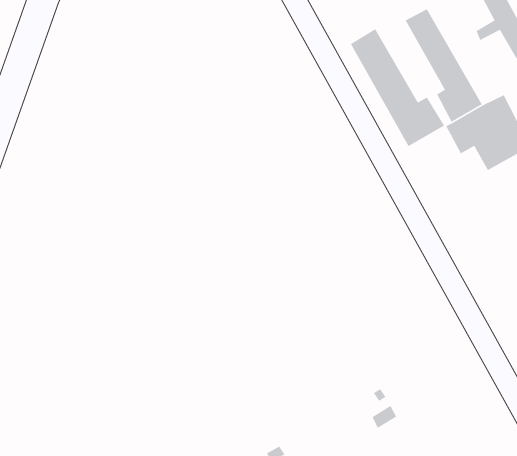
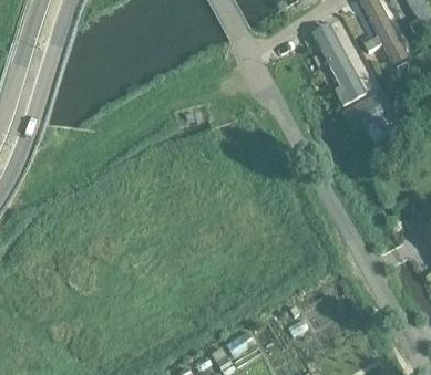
building: [350,28,445,147] -> none

